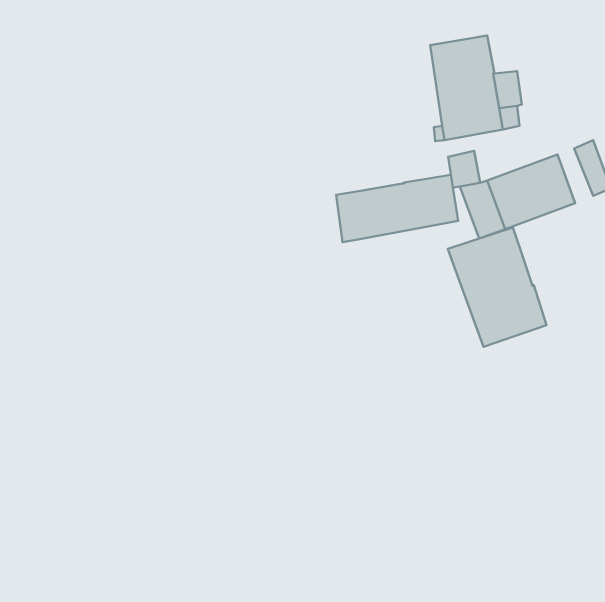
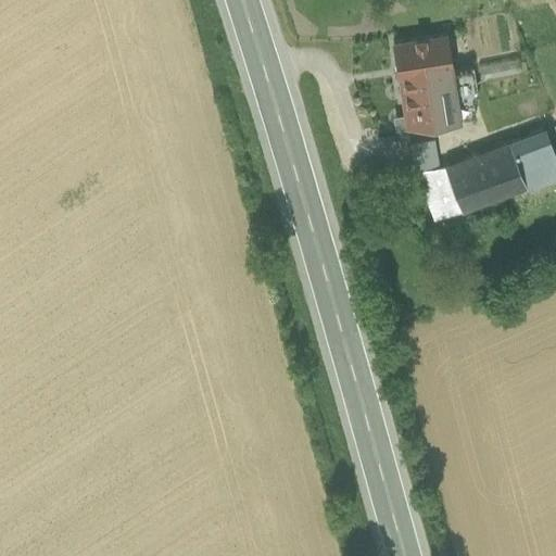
building: none -> [511,140,544,190]
building: [336,175,458,242] -> none
building: [448,228,547,347] -> none

